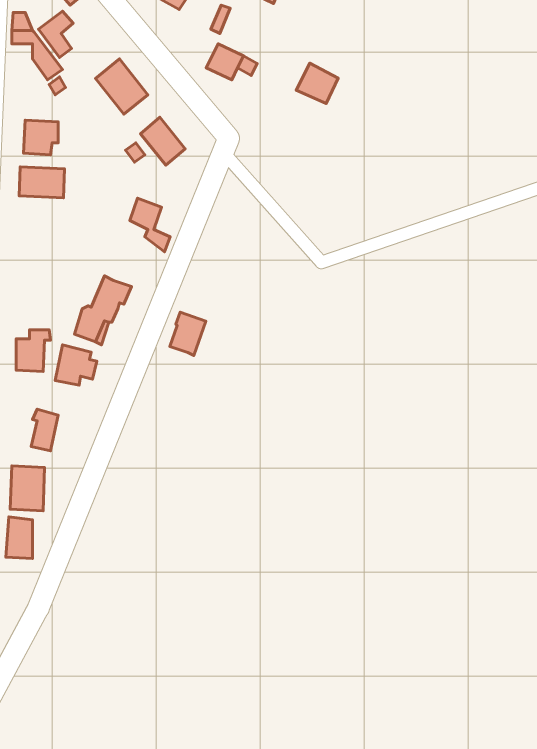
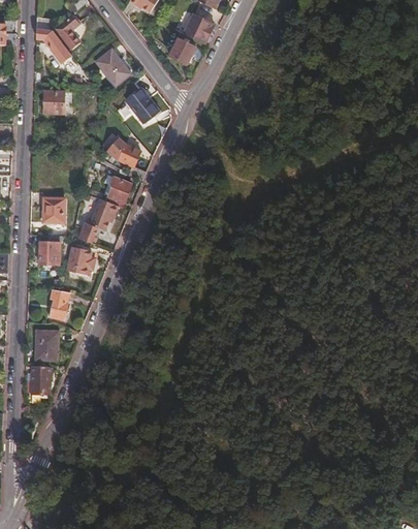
building: [296,63,338,104] -> [185,14,214,42]
building: [19,167,65,198] -> none
building: none -> [42,198,63,223]
building: [170,312,206,356] -> [106,178,131,208]

